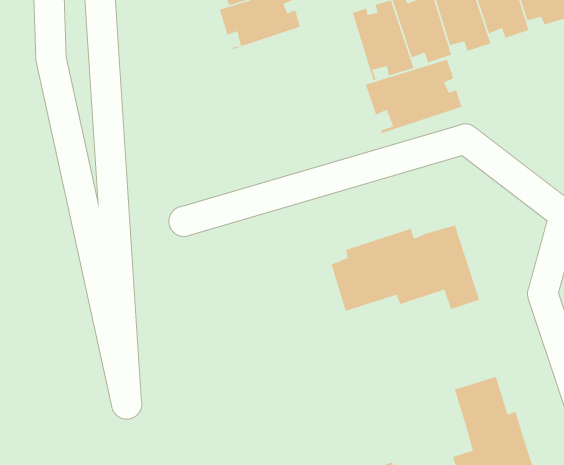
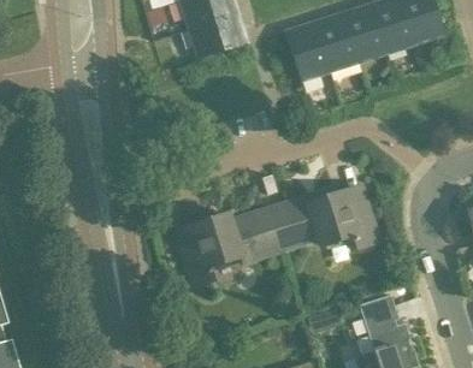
building: [365,59,462,134] -> none
building: none -> [172,212,279,286]

